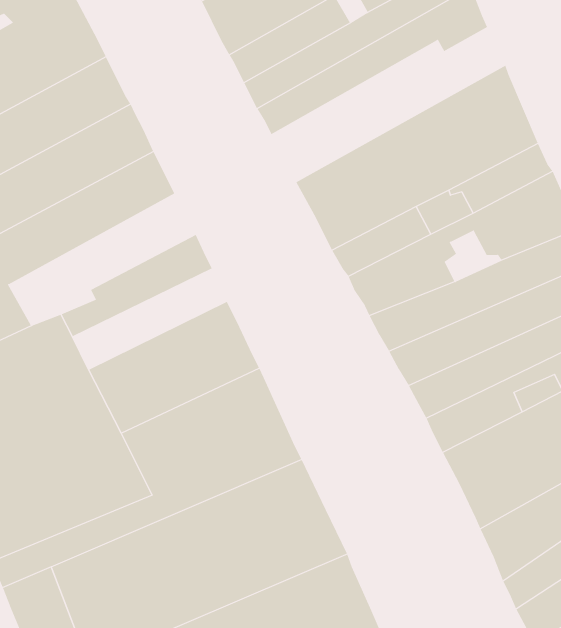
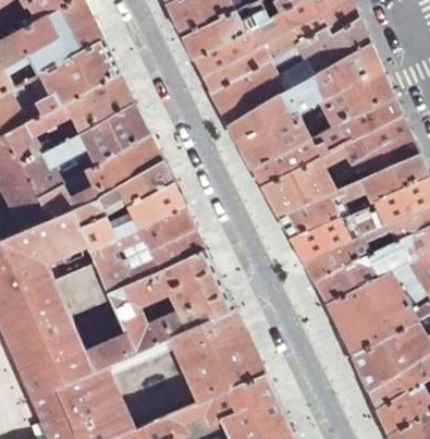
building: none -> [212,21,369,124]
building: none -> [37,132,162,218]
building: none -> [79,182,183,249]

